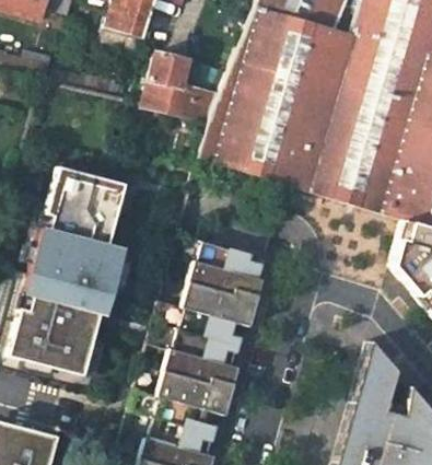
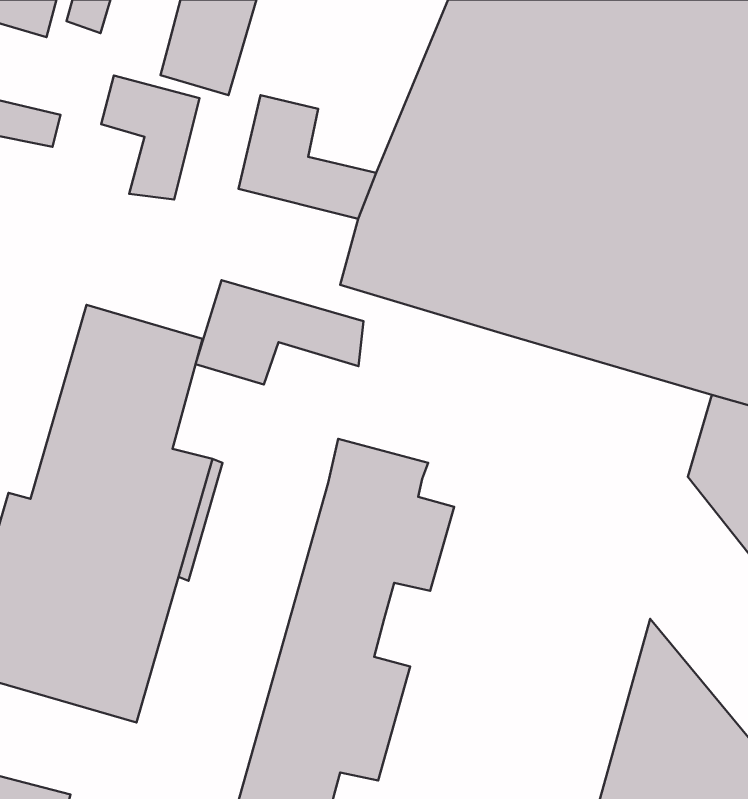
building: none -> [101,75,200,200]
building: none -> [196,280,363,384]

